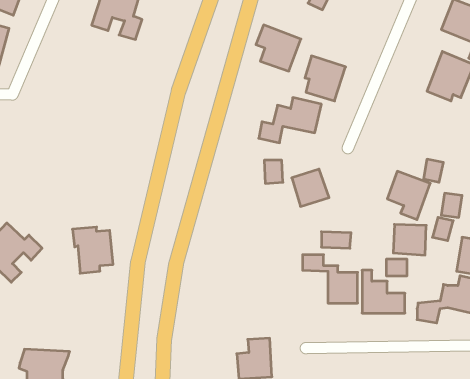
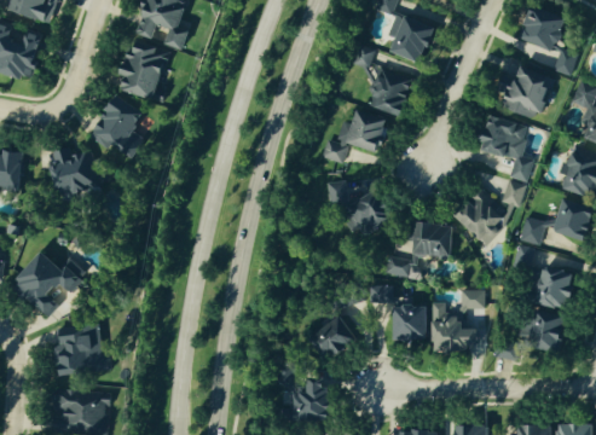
building: [256,25,301,71] -> [384,11,434,62]
building: none -> [120,41,167,99]
building: none -> [87,93,143,157]
building: none -> [480,115,528,181]
building: none -> [47,146,96,197]
building: [393,224,426,255] -> [413,222,450,256]
building: [72,227,113,273] -> [56,325,100,376]
building: none -> [309,317,354,360]

